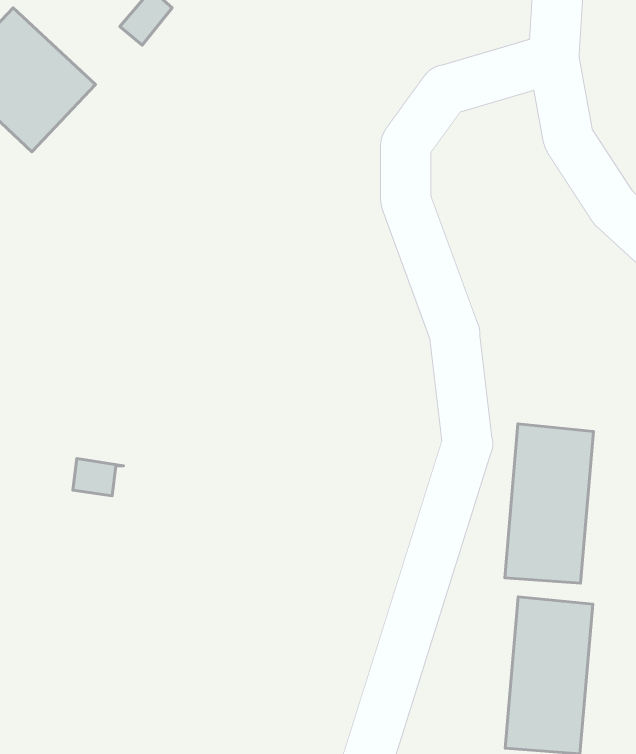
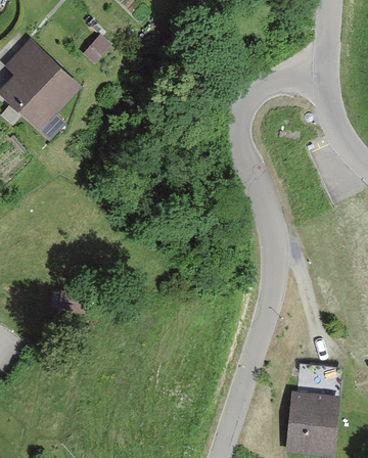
building: [505,424,594,583] -> none

